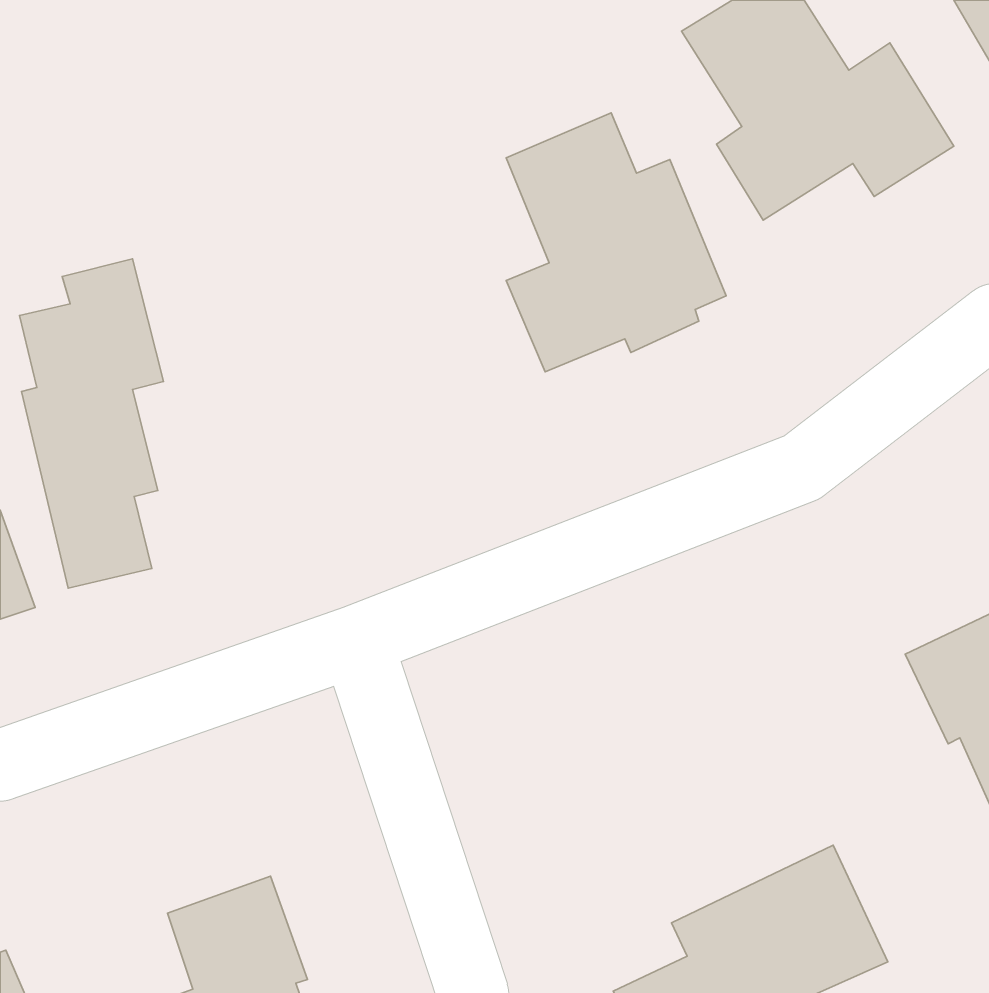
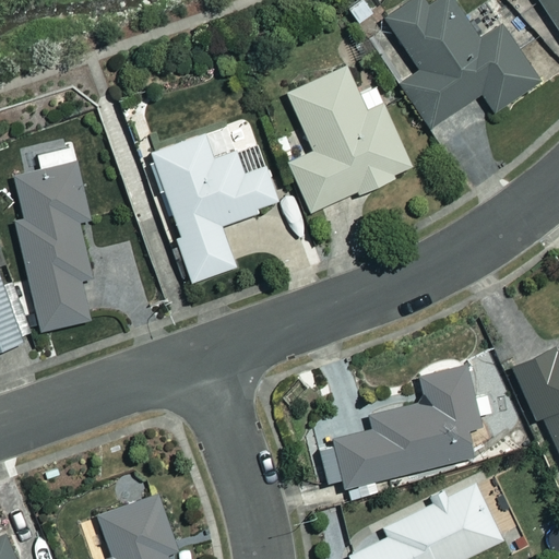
building: none -> [150,135,276,282]
building: none -> [317,365,492,503]

